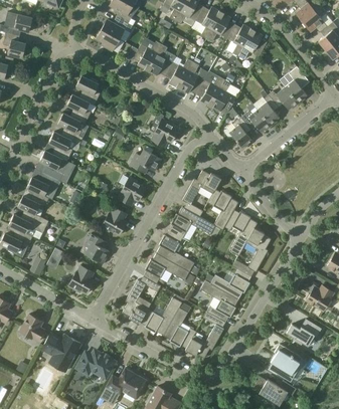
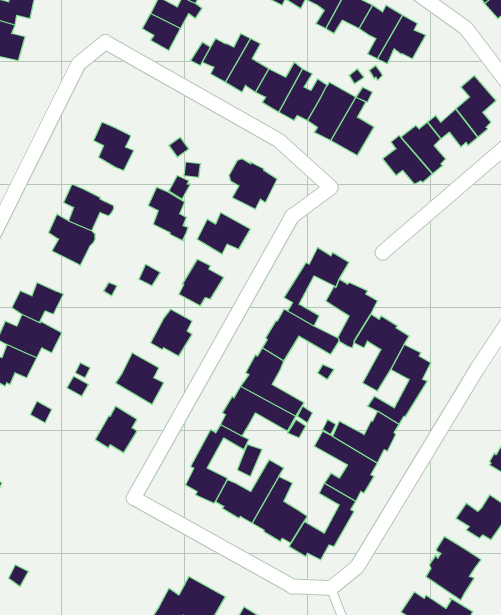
building: [76,75,101,106] -> none
building: [58,113,82,145] -> [148,187,188,241]
building: [229,117,251,150] -> none
building: [27,172,58,196] -> none
building: [19,314,45,342] -> none
building: [41,333,81,366] -> none
building: [77,351,114,377] -> none

